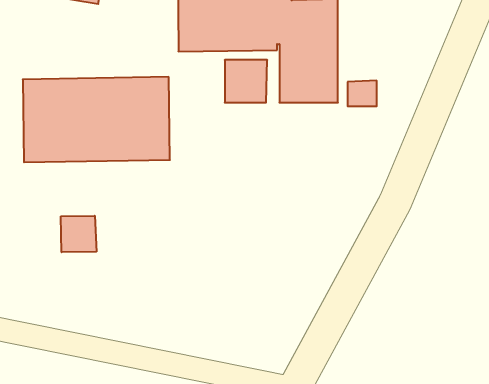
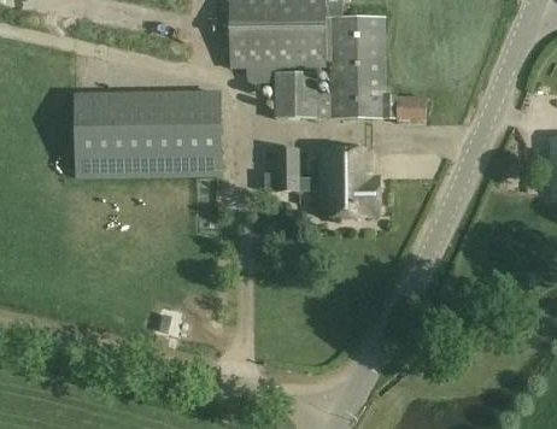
building: none -> [275,147,379,216]
building: [61,216,96,252] -> none

